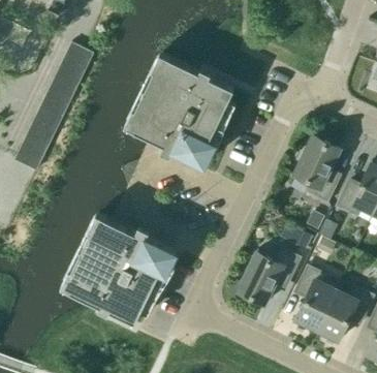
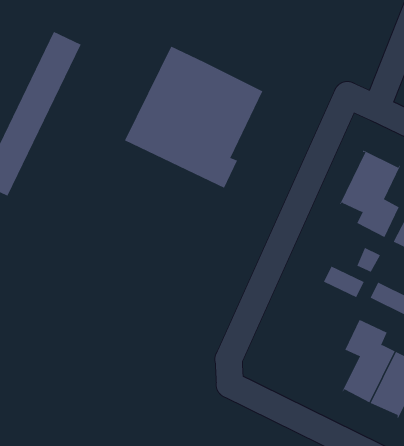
building: [63,214,176,321] -> none
building: [237,247,303,306] -> none

